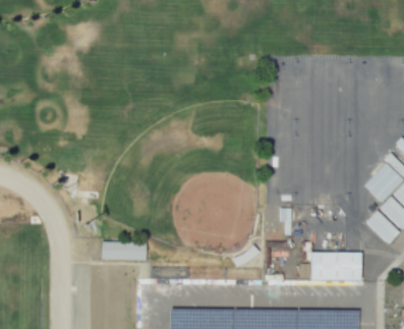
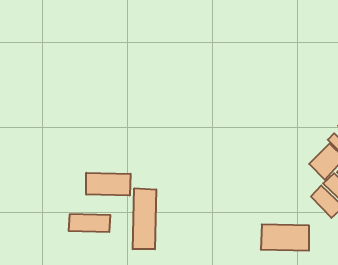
building: none -> [86,173,131,196]
building: none -> [133,188,156,249]

